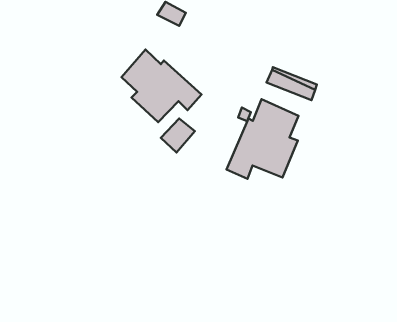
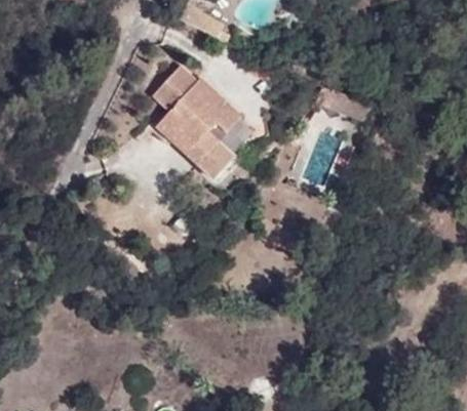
building: none -> [156,120,227,165]
building: [226,99,298,179] -> none

